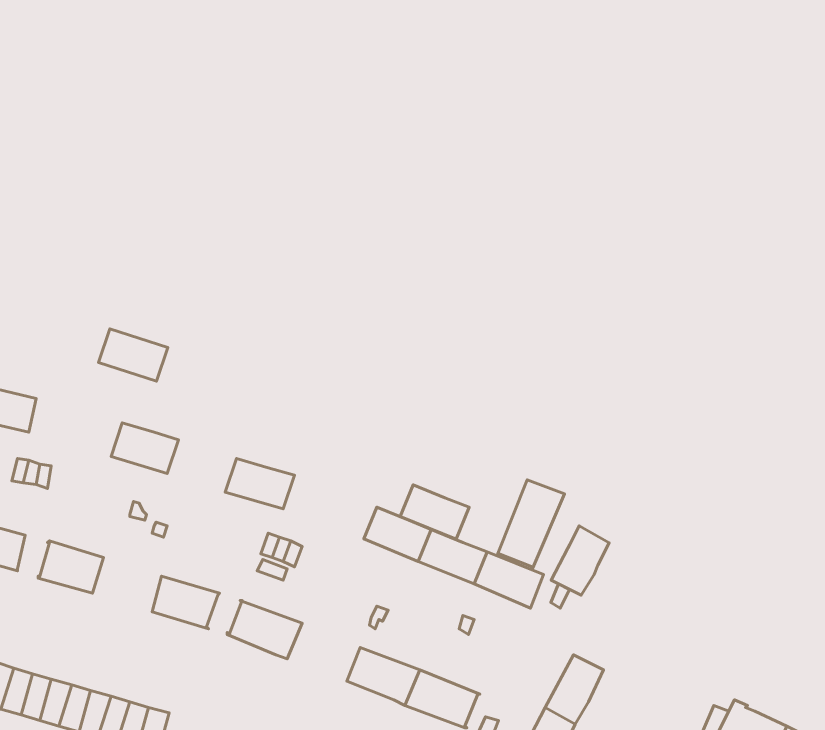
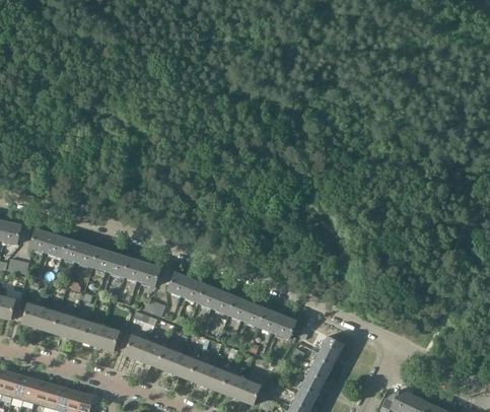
building: [98,329,168,381] -> [30,228,68,257]
building: none -> [92,248,130,276]
building: [497,480,564,570] -> none
building: [400,485,469,539] -> [168,272,206,301]
building: [551,526,609,595] -> [312,335,344,372]
building: none -> [52,312,89,341]
building: none -> [157,347,197,379]

